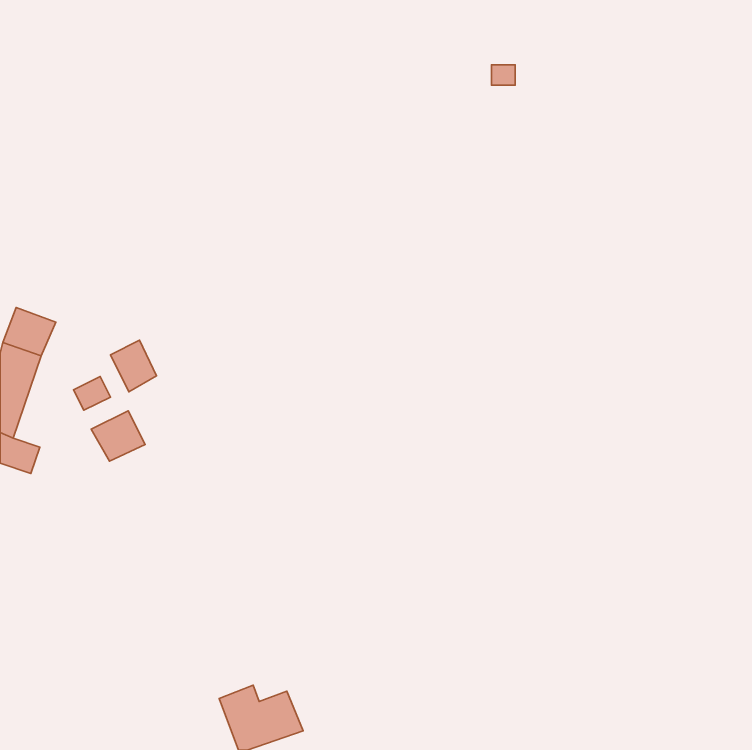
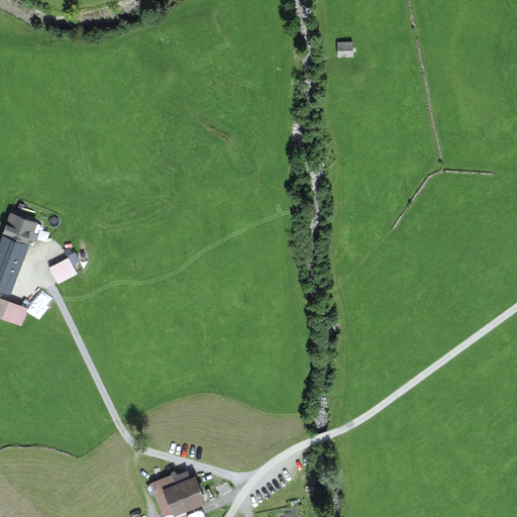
building: [110,340,156,392] -> none
building: [91,411,145,461] -> none

